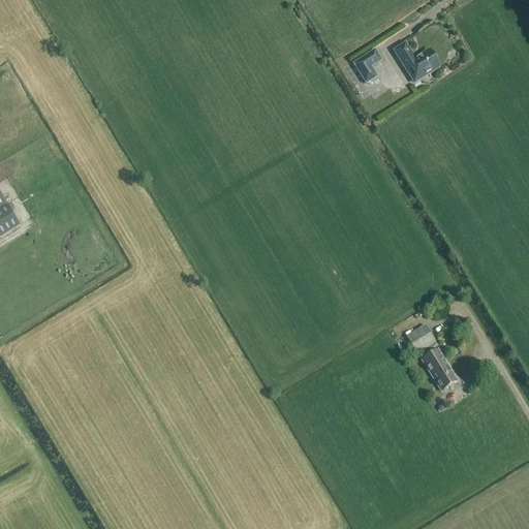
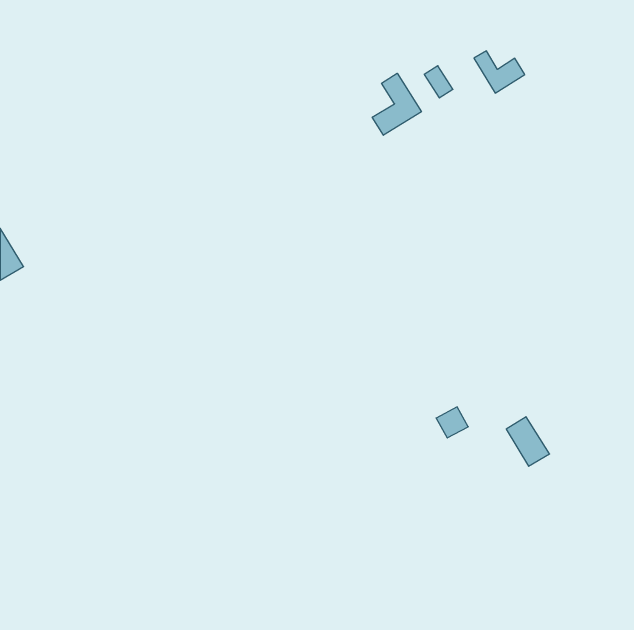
building: none -> [372,73,421,135]
building: [407,324,434,350] -> [436,407,468,438]

